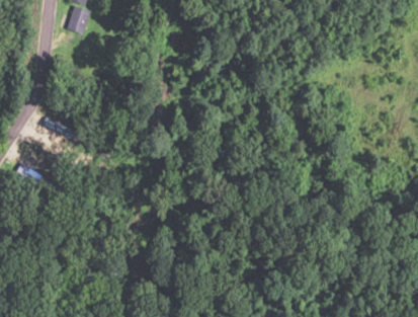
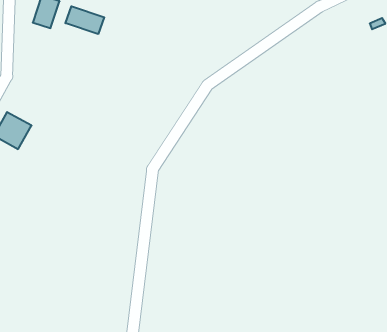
building: none -> [65,6,104,34]

